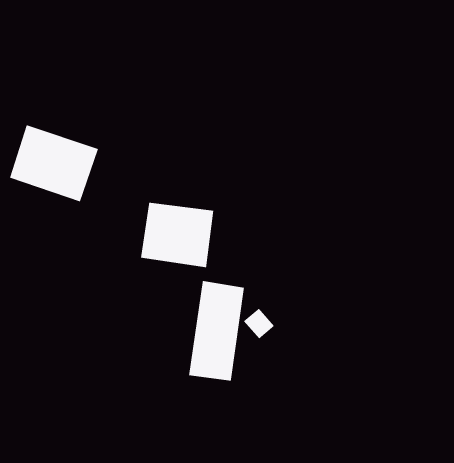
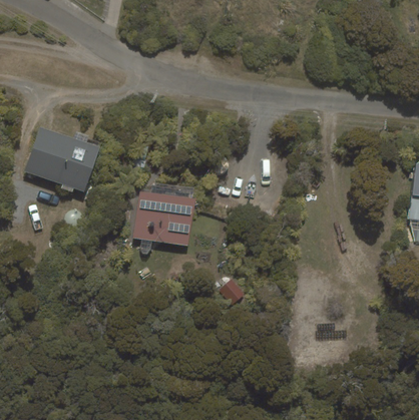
building: [189,280,245,381] -> none

